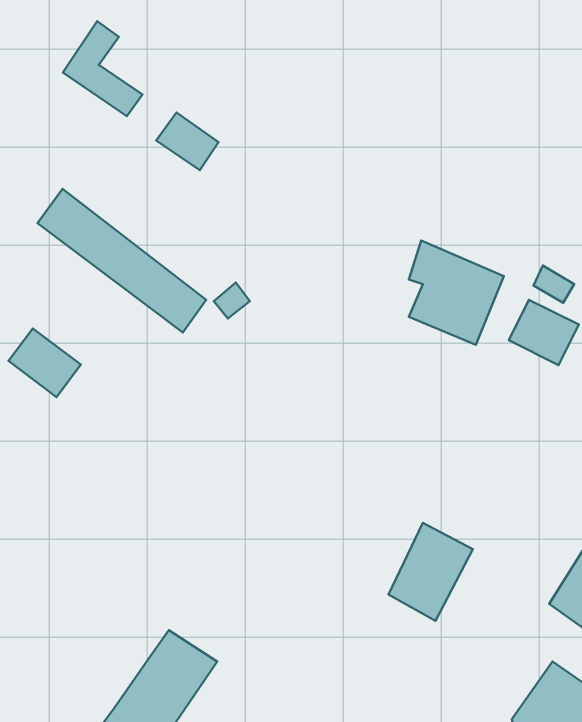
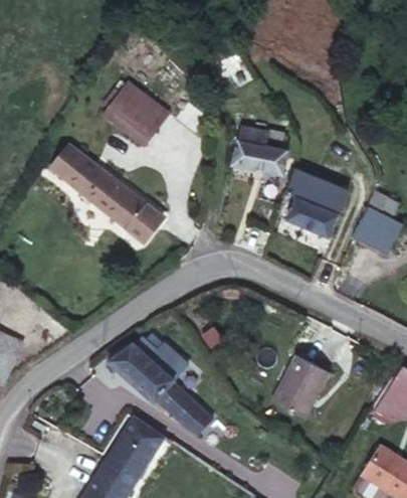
building: [63,21,142,116] -> [103,81,154,143]
building: none -> [228,122,288,184]
building: [8,328,81,397] -> none
building: none -> [117,336,211,425]

